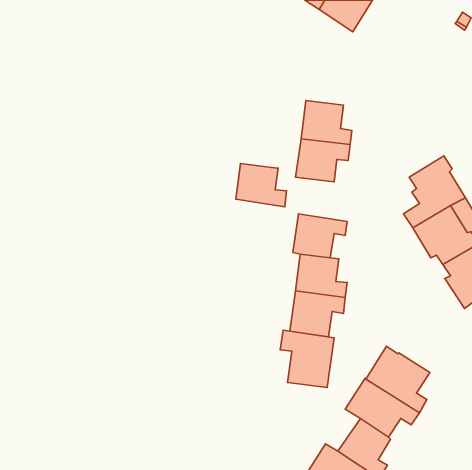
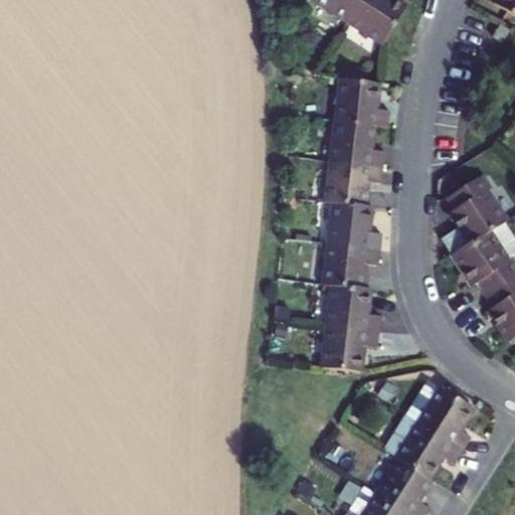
building: none -> [336,76,390,125]
building: [236,164,287,207] -> [328,201,382,247]
building: [280,330,334,388] -> none

